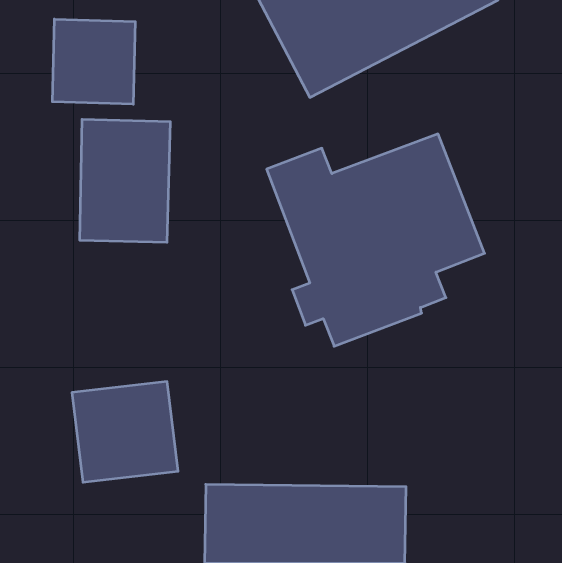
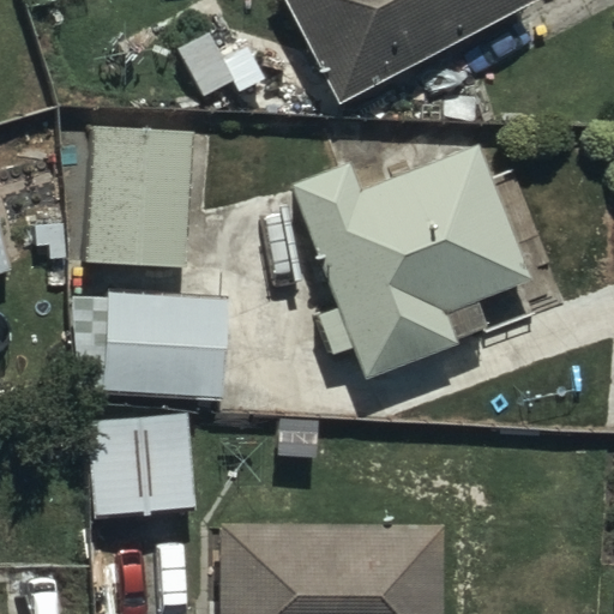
building: [52,19,135,104] -> none
building: none -> [73,293,229,399]

